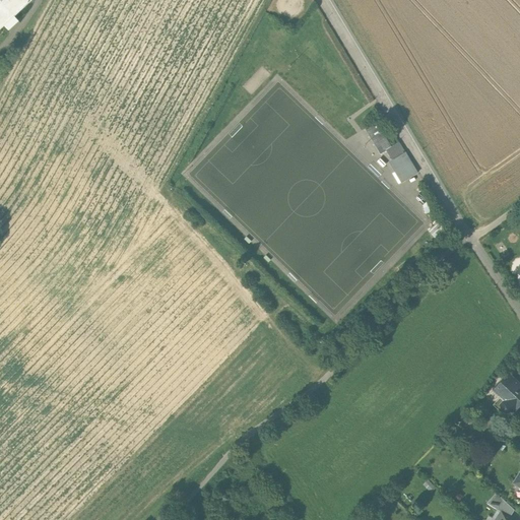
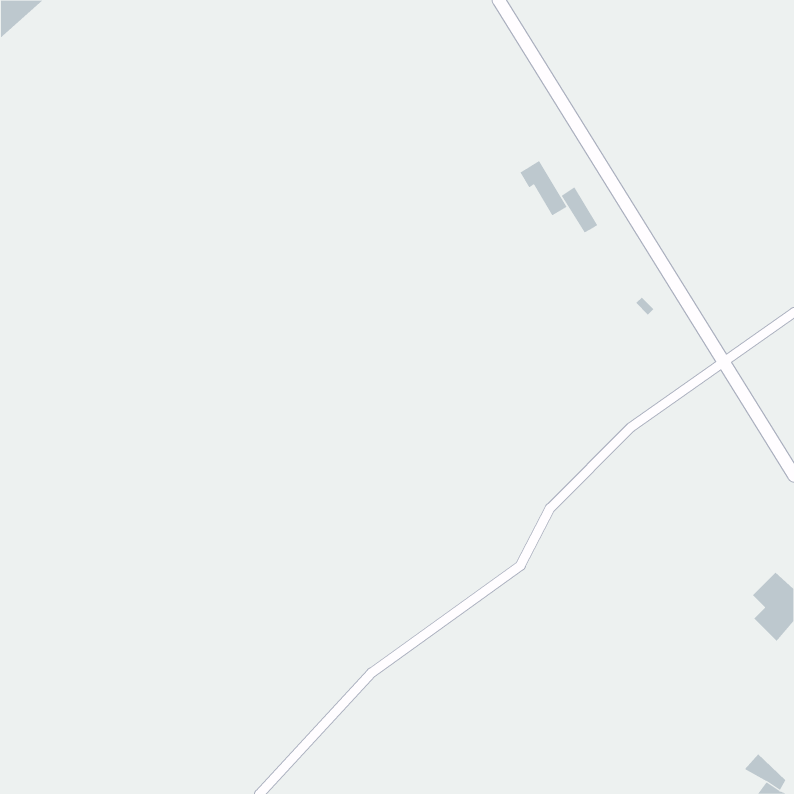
building: [386,142,417,179] -> [519,160,568,216]

